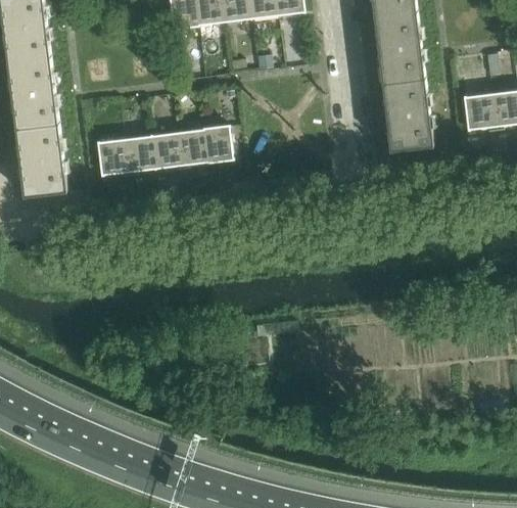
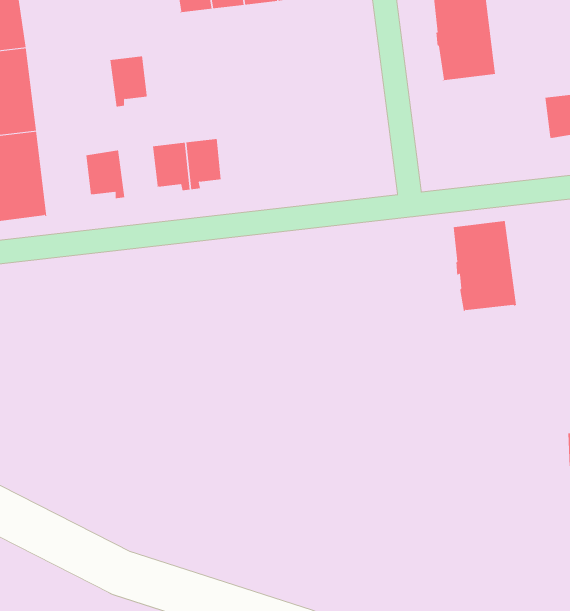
building: [381,78,433,150] -> [452,221,517,312]
building: [202,126,233,163] -> none
building: [124,135,154,176] -> [110,56,148,107]

